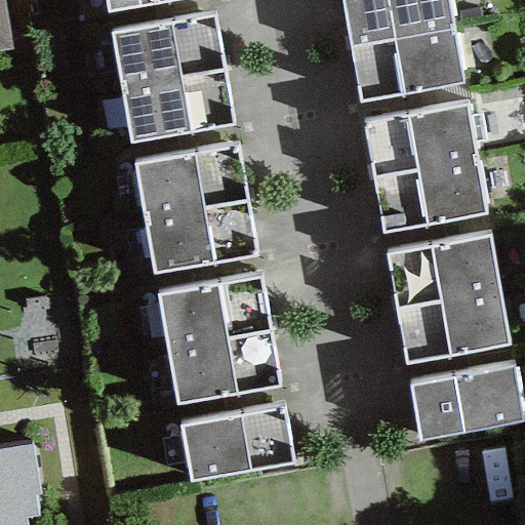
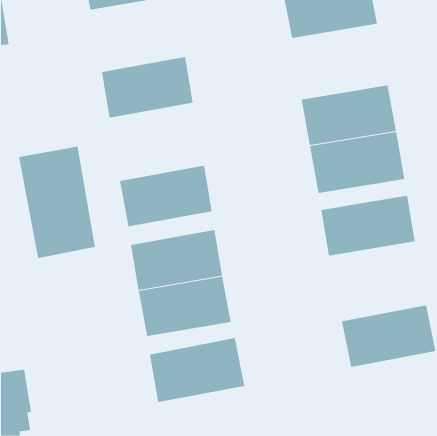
building: [112,13,224,86] -> none
building: [350,29,463,104] -> none
building: [134,144,246,216] -> none
building: none -> [19,146,95,259]
building: [394,289,509,364] -> none

